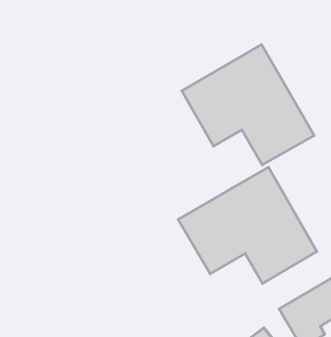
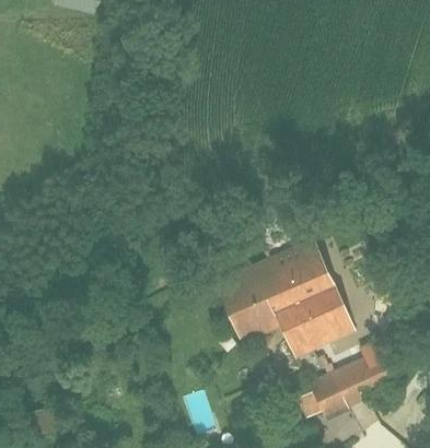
building: [182,44,314,165] -> none

